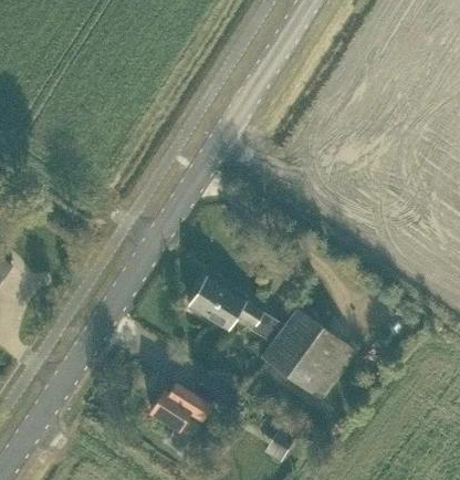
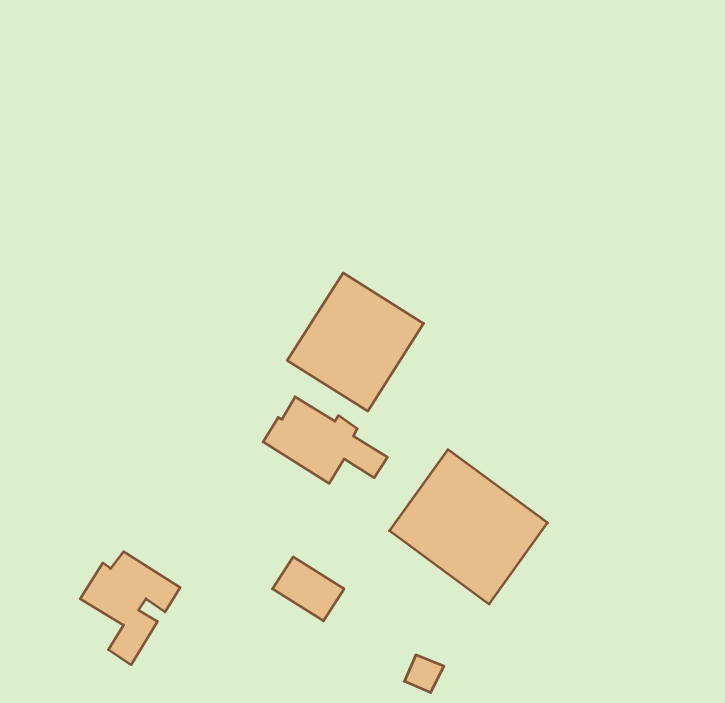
building: none -> [287,273,424,411]
building: [149,386,208,452] -> [80,552,180,665]

